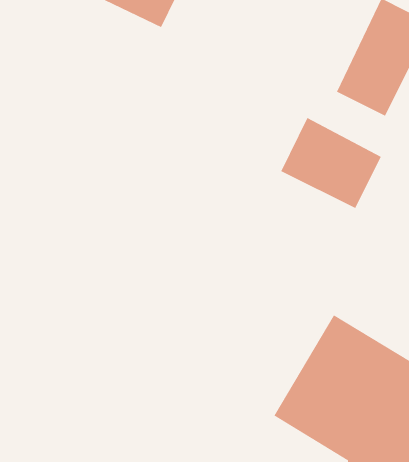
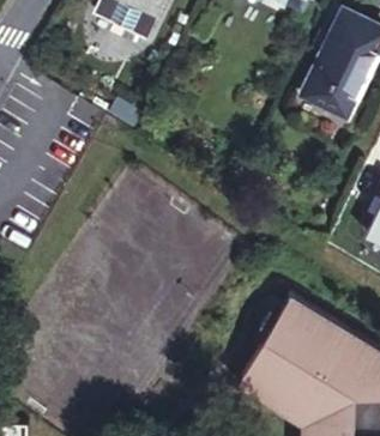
building: [280,117,382,209] -> none

